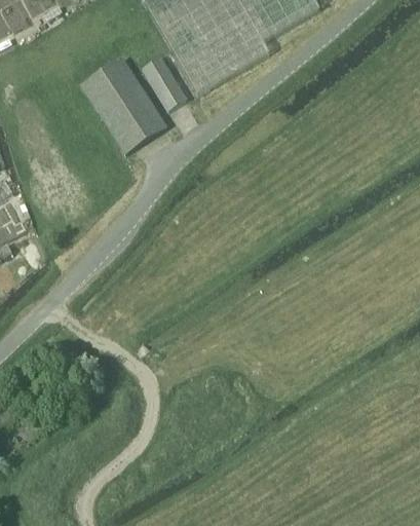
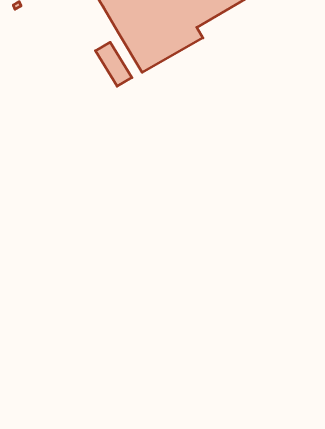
building: [80,55,166,151] -> none

